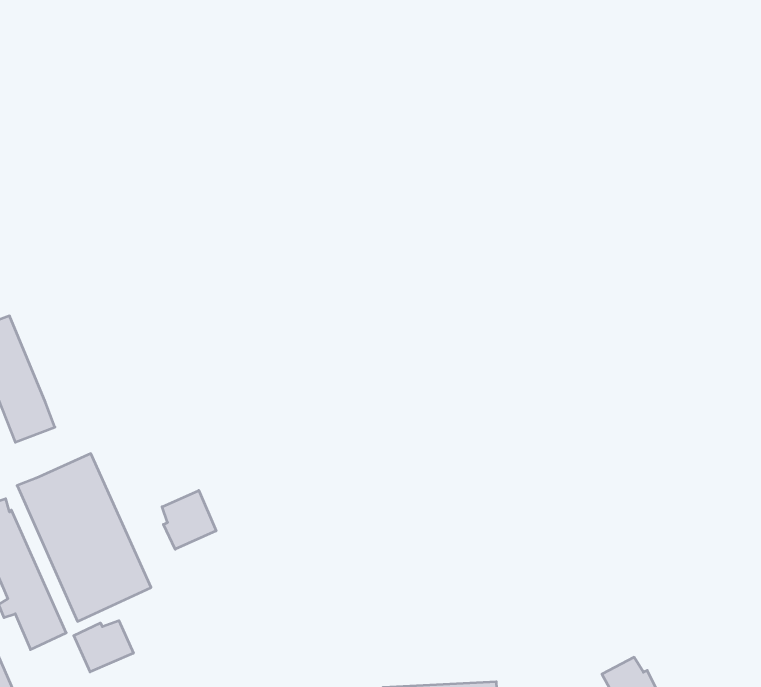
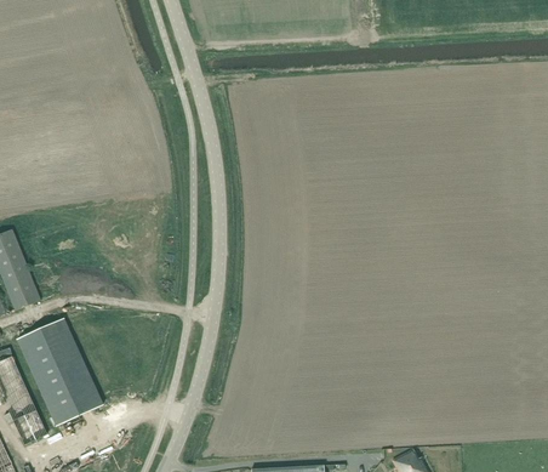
building: [162,490,216,549] -> none
building: [74,621,133,672] -> none

